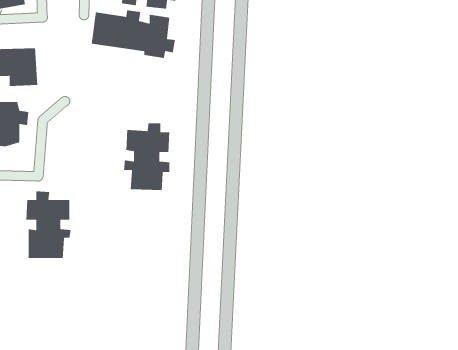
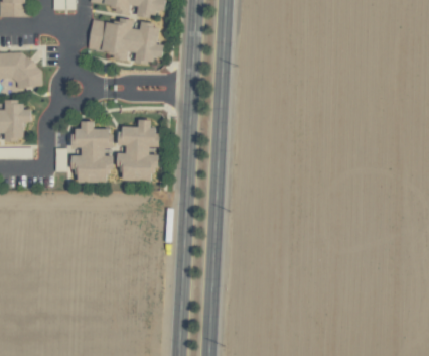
building: [25,190,71,259] -> [72,121,113,183]

